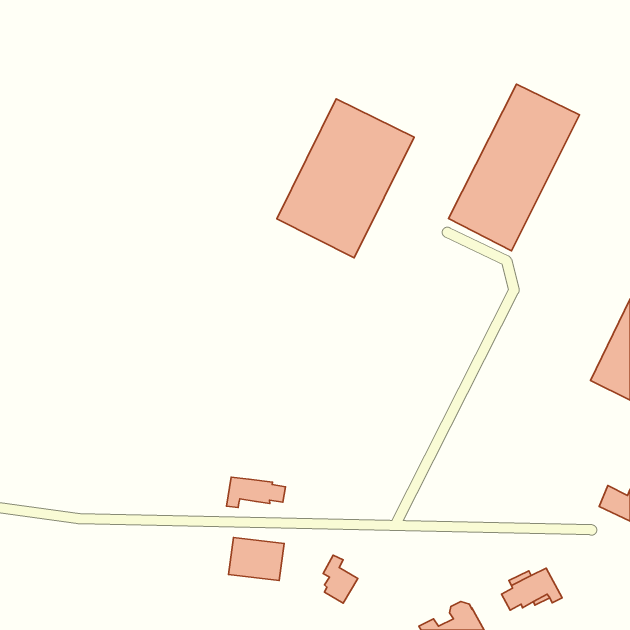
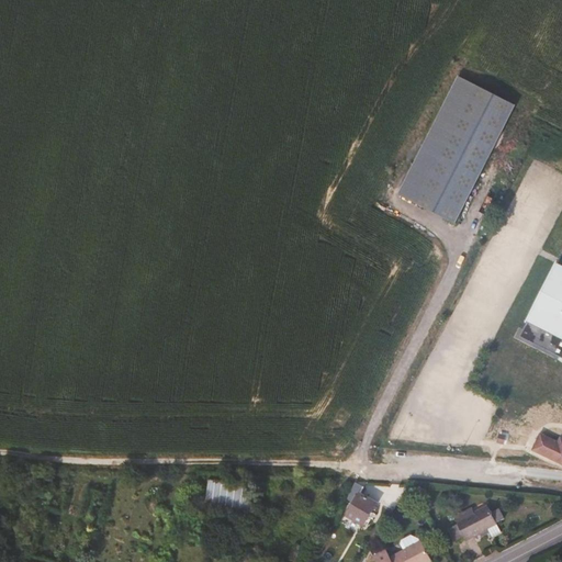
building: [277,99,414,258] -> none
building: [227,477,285,507] -> none
building: [323,555,358,603] -> [345,482,375,525]

